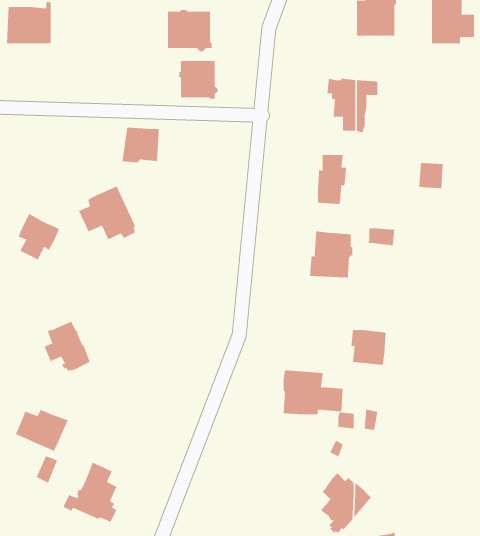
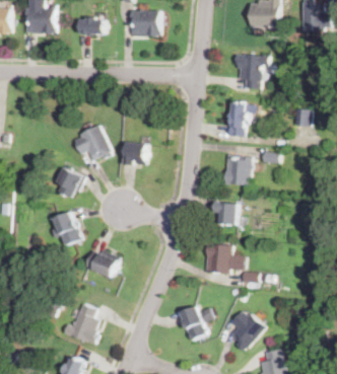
building: none -> [79,16,105,34]
building: [179,60,218,100] -> none
building: [122,127,159,163] -> [122,142,146,165]
building: [18,213,60,260] -> [57,166,84,197]
building: [351,329,387,365] -> [214,201,238,224]
building: [15,409,68,451] -> [85,249,120,277]
building: none -> [180,305,207,340]

